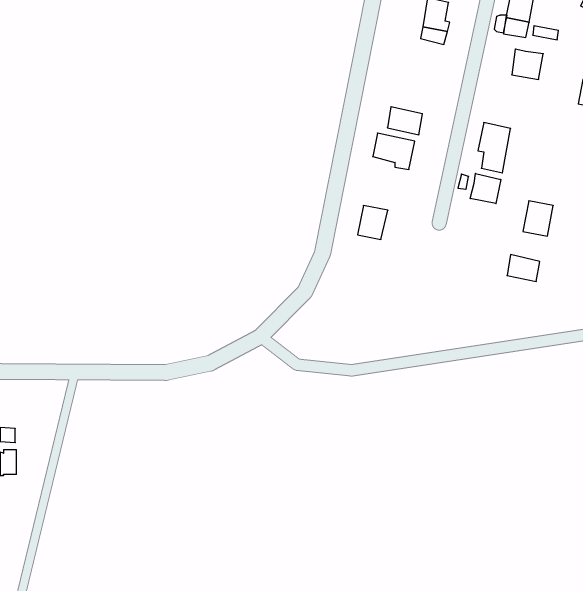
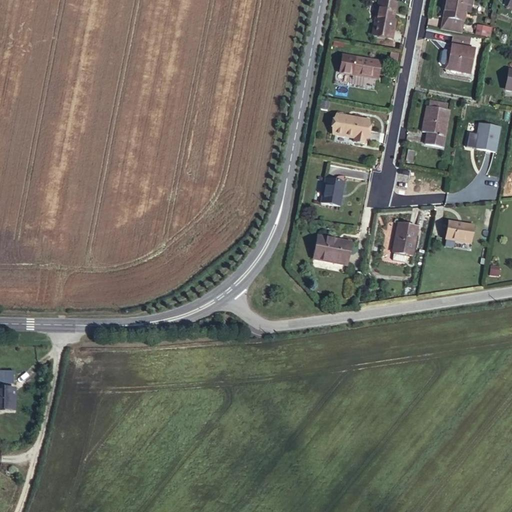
building: [387,107,422,135] -> [350,54,380,78]
building: [470,173,501,204] -> none
building: [523,201,553,236] -> [474,122,500,152]
building: none -> [393,222,419,262]
building: none -> [310,234,349,264]

